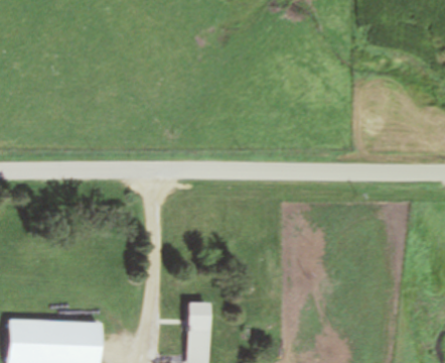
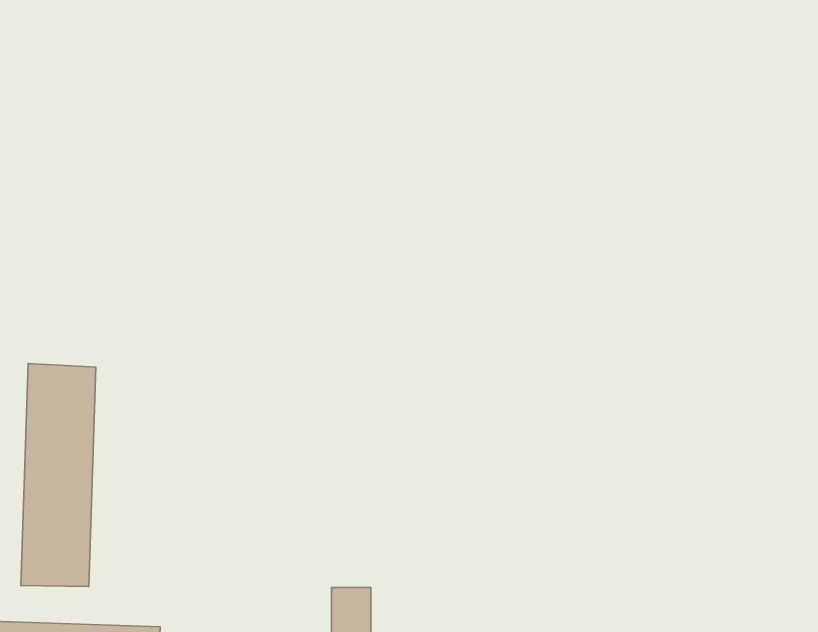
building: none -> [21,364,96,586]

